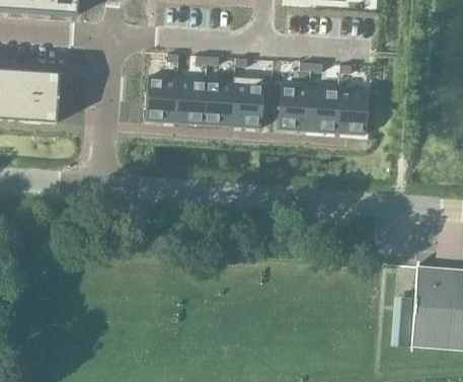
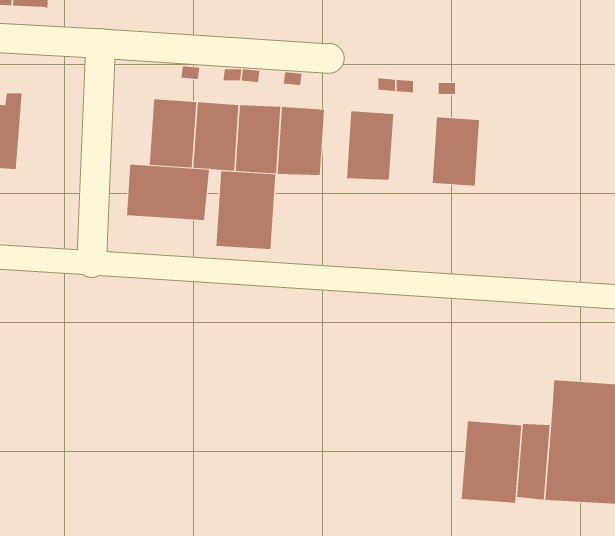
building: [307,85,338,132] -> none
building: none -> [126,164,210,221]
building: none -> [216,171,276,250]
building: none -> [461,420,522,504]

